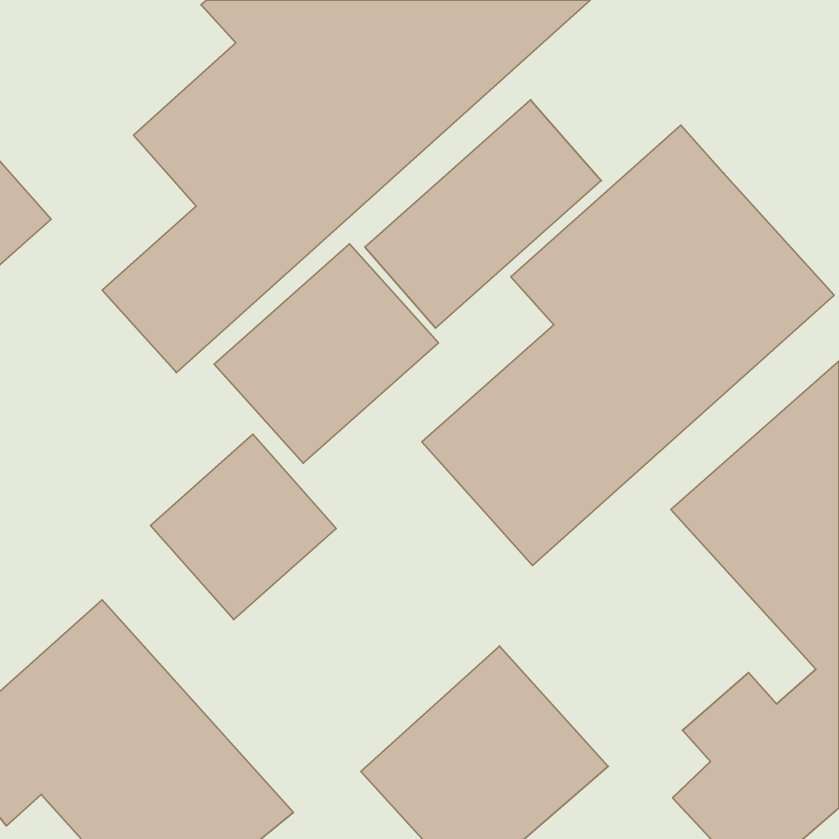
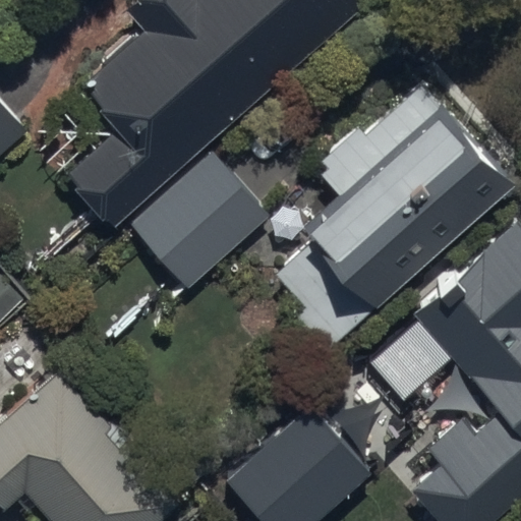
building: [365,100,601,328] -> none
building: [151,434,336,620] -> none

